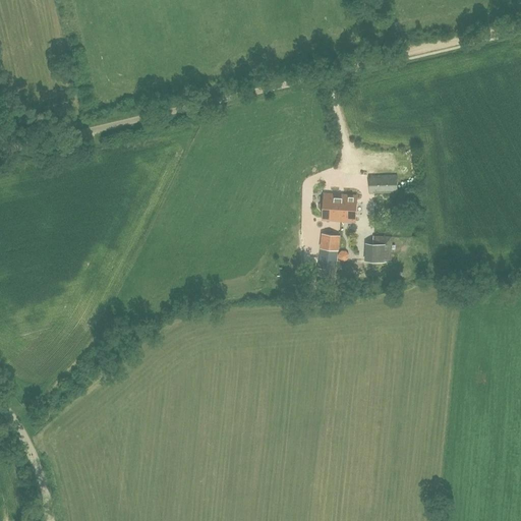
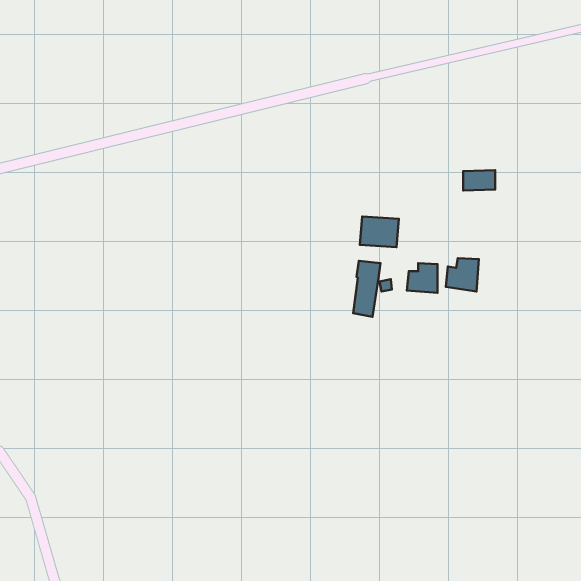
building: [368,174,397,192] -> [463,170,495,191]
building: none -> [446,258,479,291]

